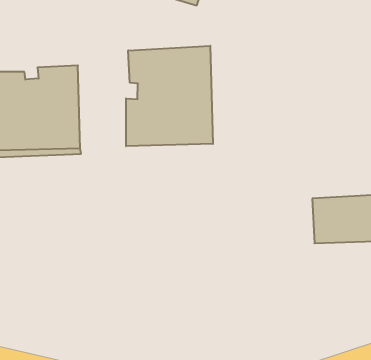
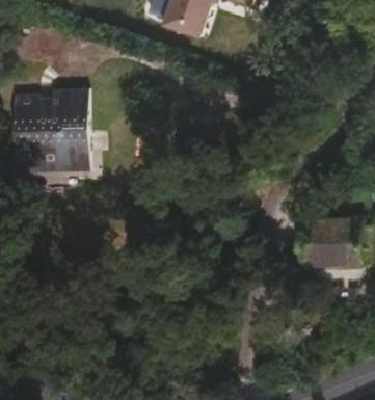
building: [126,46,213,146] -> none

